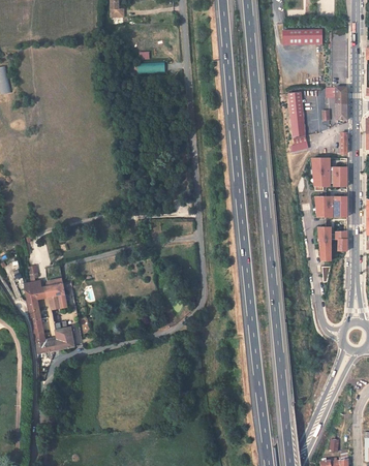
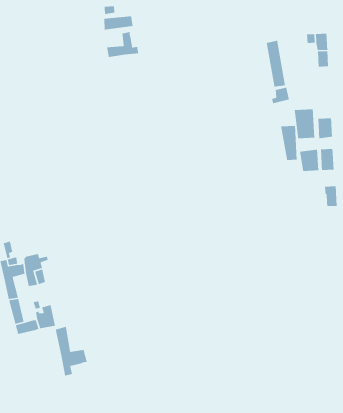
building: none -> [106,31,139,58]
building: [316,226,331,259] -> [280,125,298,161]
building: none -> [55,326,88,376]

